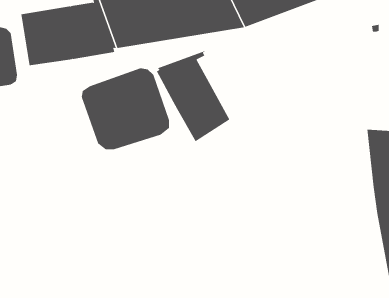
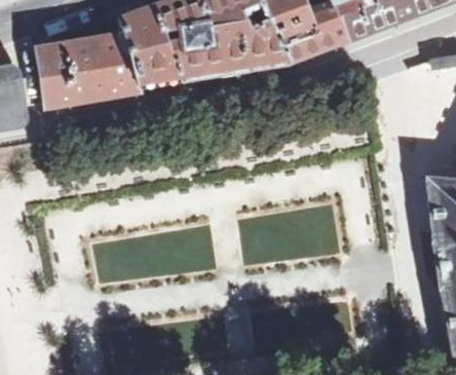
building: [156,51,230,142] -> none
building: [81,67,170,150] -> none

